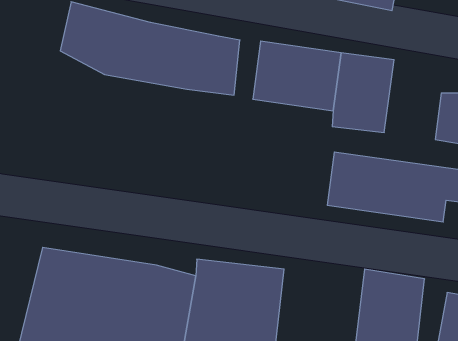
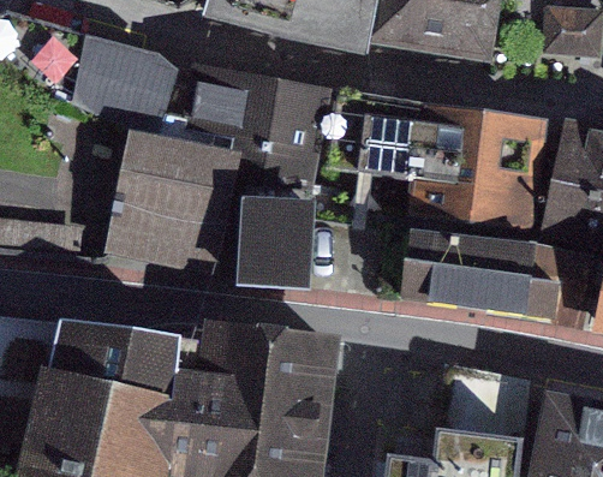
building: none -> [471,114,545,211]
building: none -> [111,132,229,254]
building: none -> [240,204,304,282]

